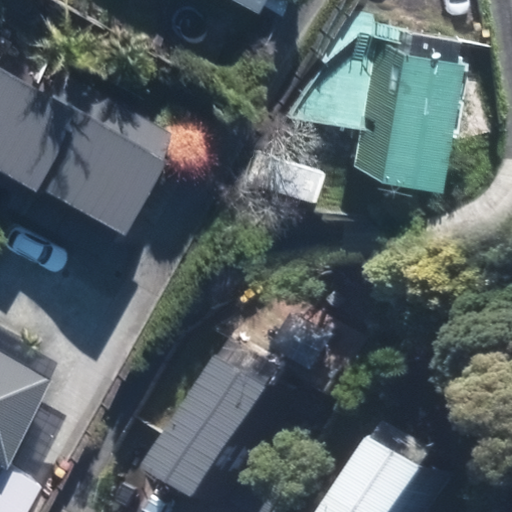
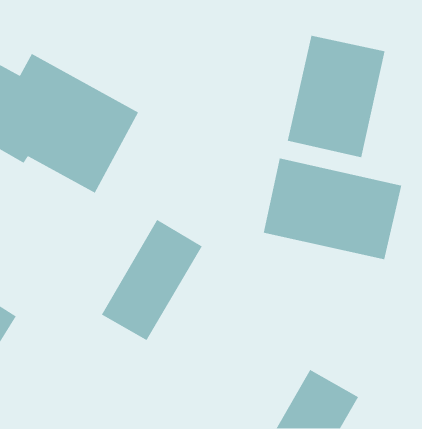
building: none -> [263,158,402,260]
building: [147,356,267,500] -> [101,219,203,341]

